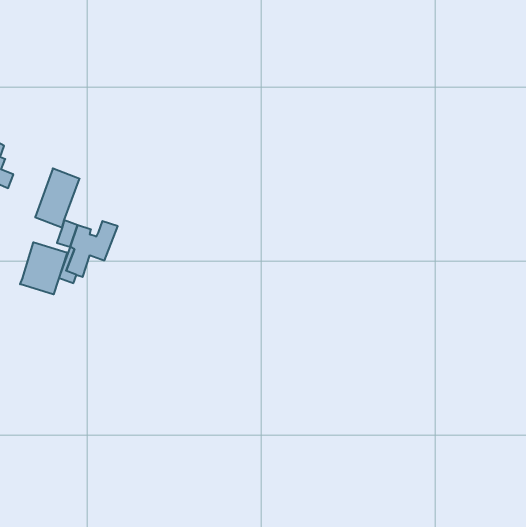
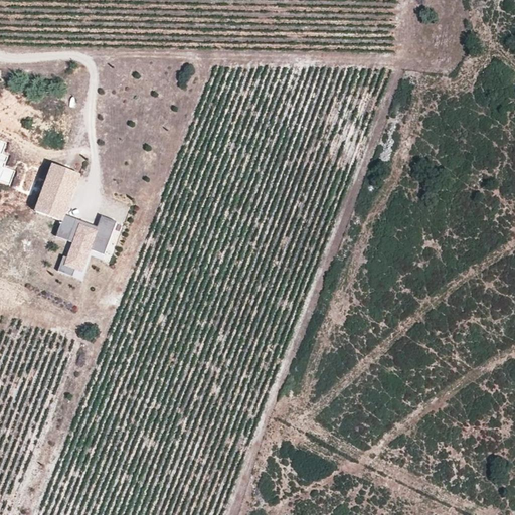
building: [20,242,67,294] -> none

